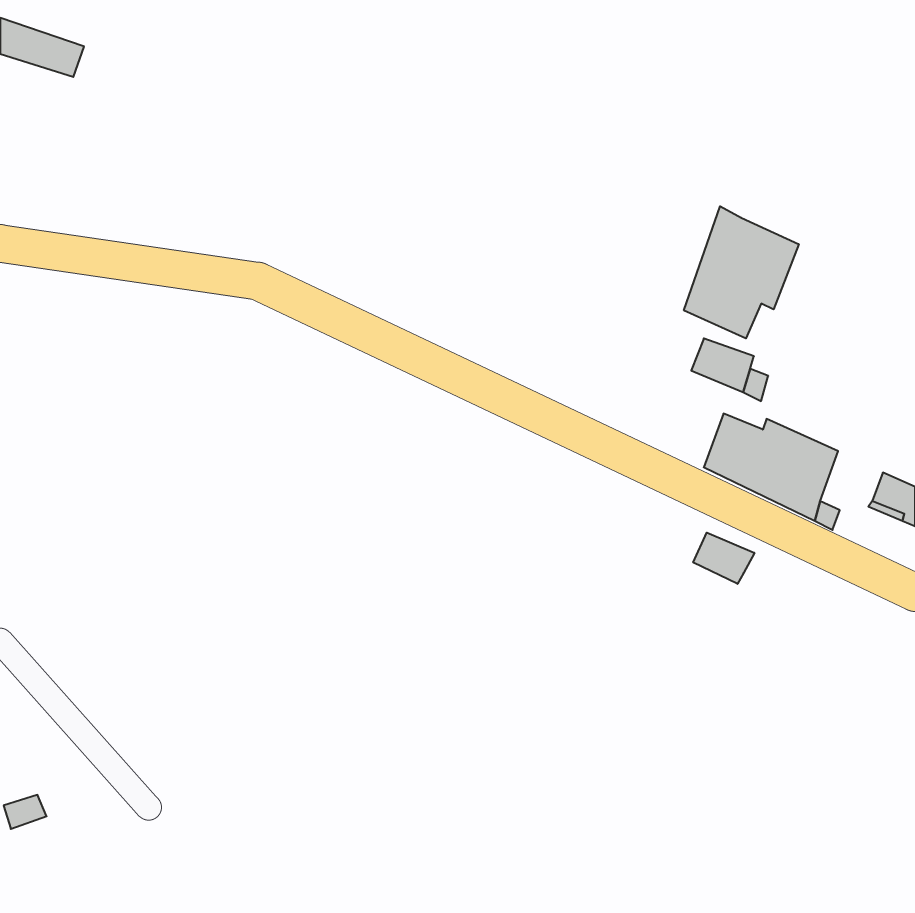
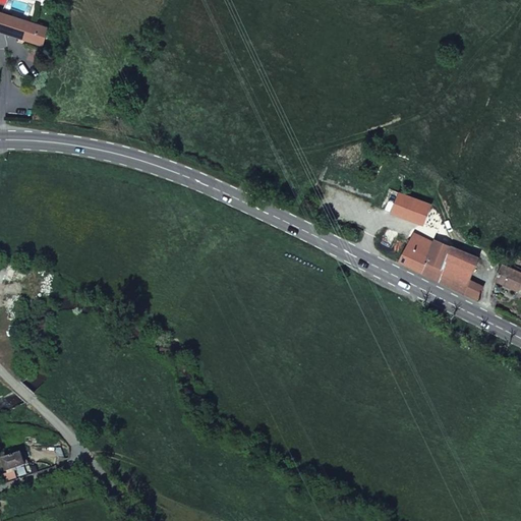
building: [684,206,799,338] -> none
building: [693,533,754,584] -> none

